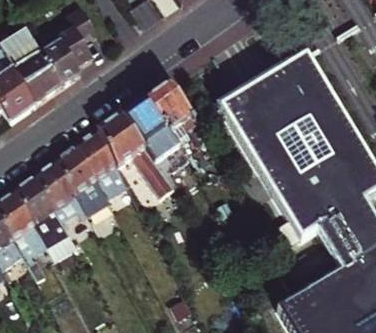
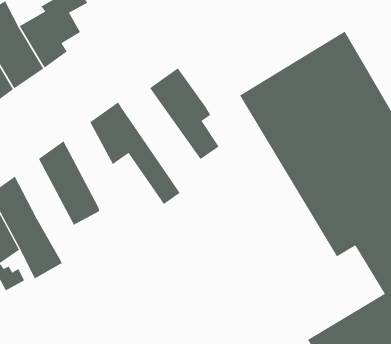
building: [124,100,188,176] -> none
building: [76,128,128,198] -> none
building: [36,158,84,240] -> none

